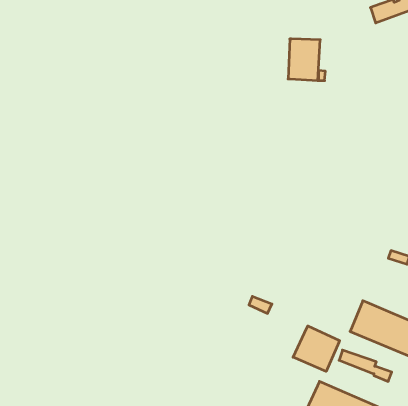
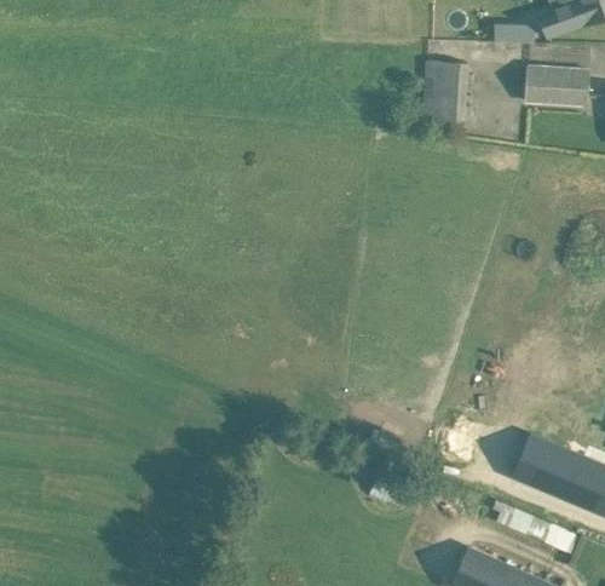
building: none -> [495,18,536,39]
building: none -> [525,67,589,104]
building: [293,326,340,371] -> none

